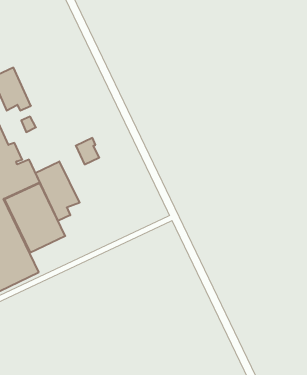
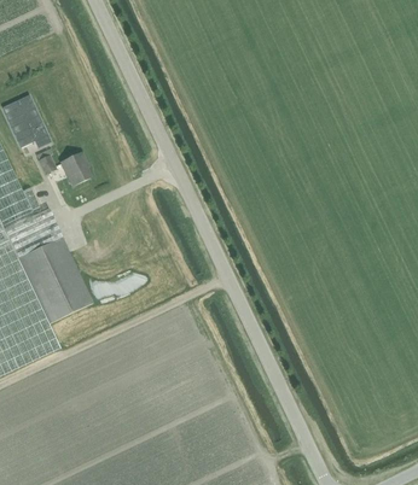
building: [76,138,99,164] -> [62,152,91,185]
building: [35,161,80,221] -> none

